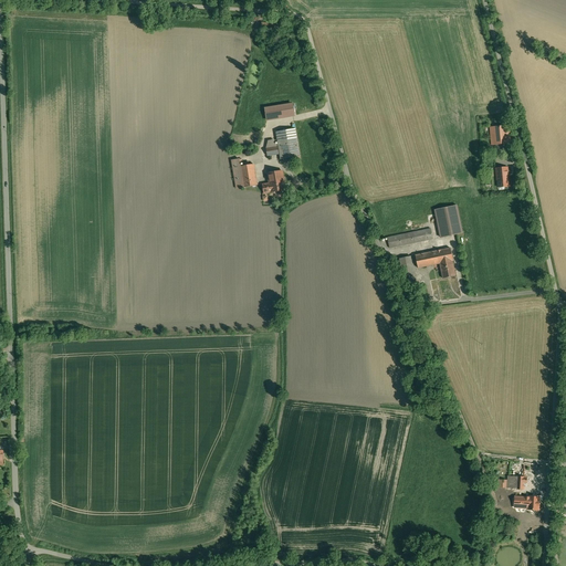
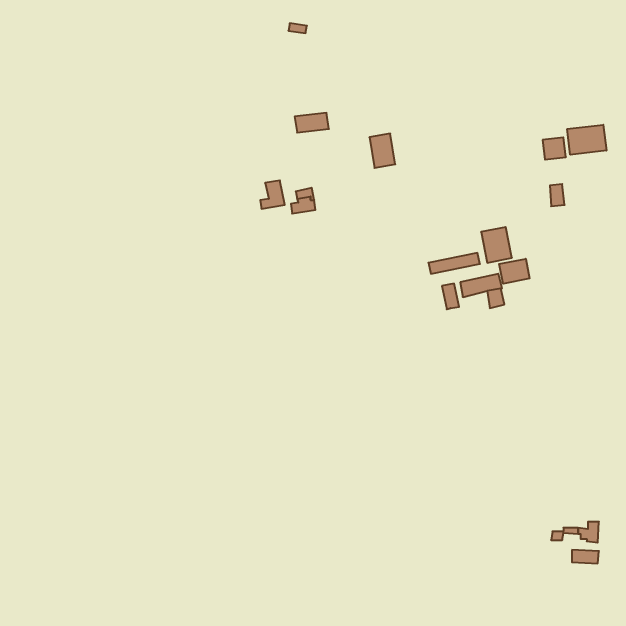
building: none -> [567,125,606,155]
building: [275,127,298,158] -> [369,134,395,168]
building: none -> [499,259,530,284]

